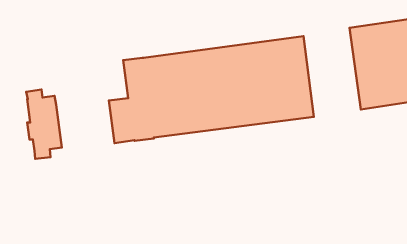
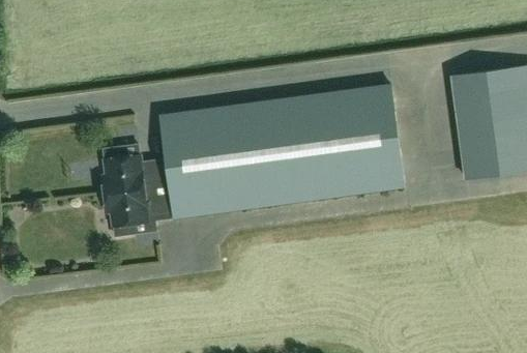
building: [26,89,62,159] -> [104,147,149,236]

